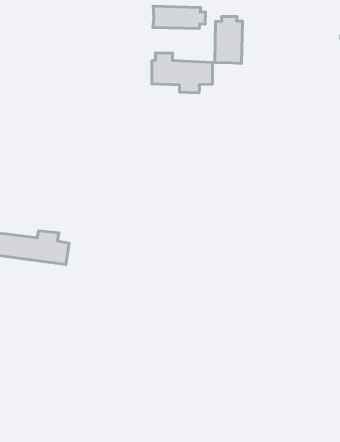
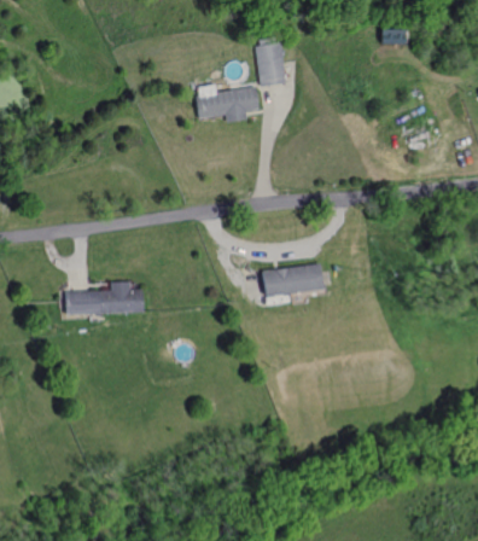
building: [153,6,206,29] -> none
building: none -> [263,264,325,296]

